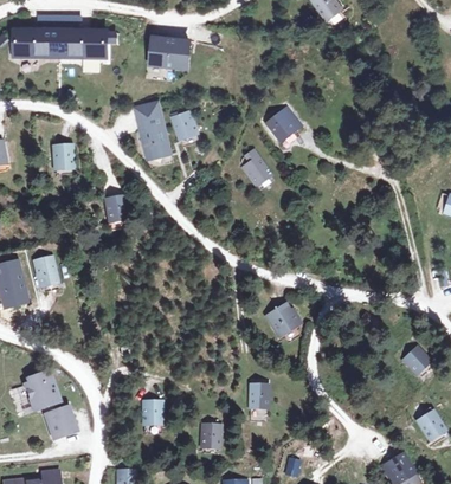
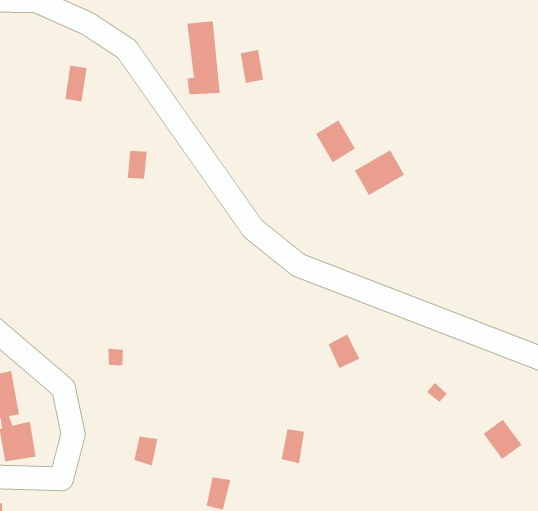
building: [264,107,301,142] -> [354,150,405,196]
building: [33,258,58,289] -> none

